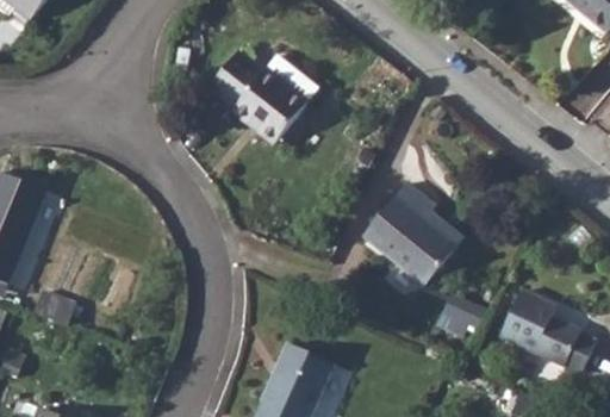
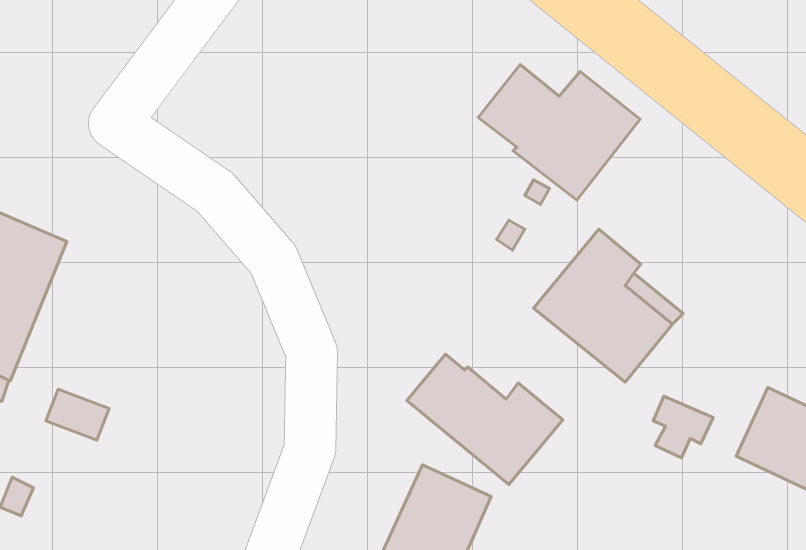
building: [208,51,318,143] -> [478,65,640,200]
building: none -> [407,354,563,484]

